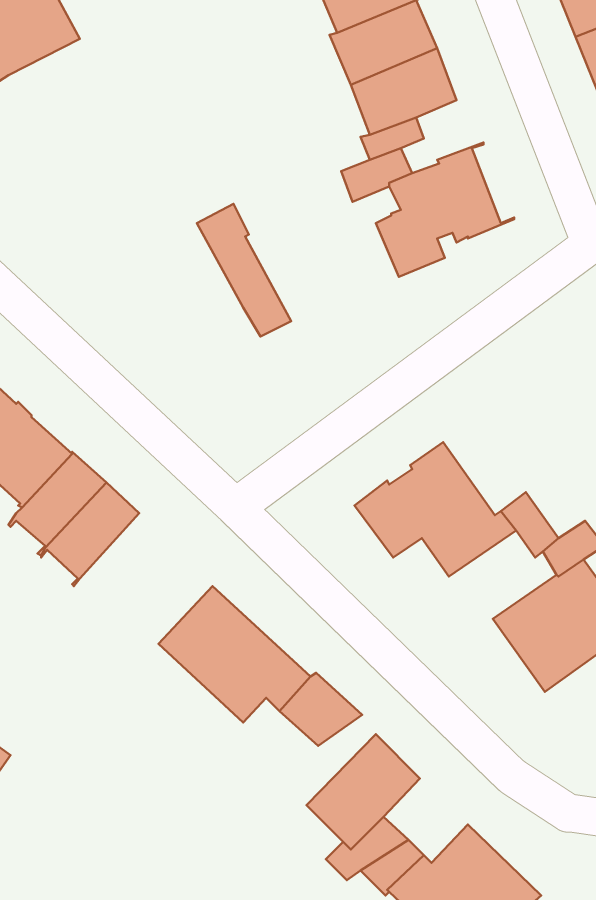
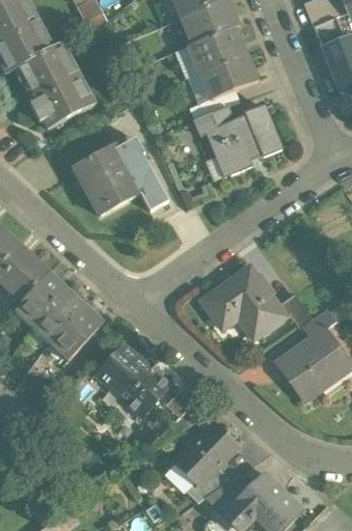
building: none -> [15,43,94,129]
building: none -> [74,143,141,215]
building: none -> [50,304,104,360]

